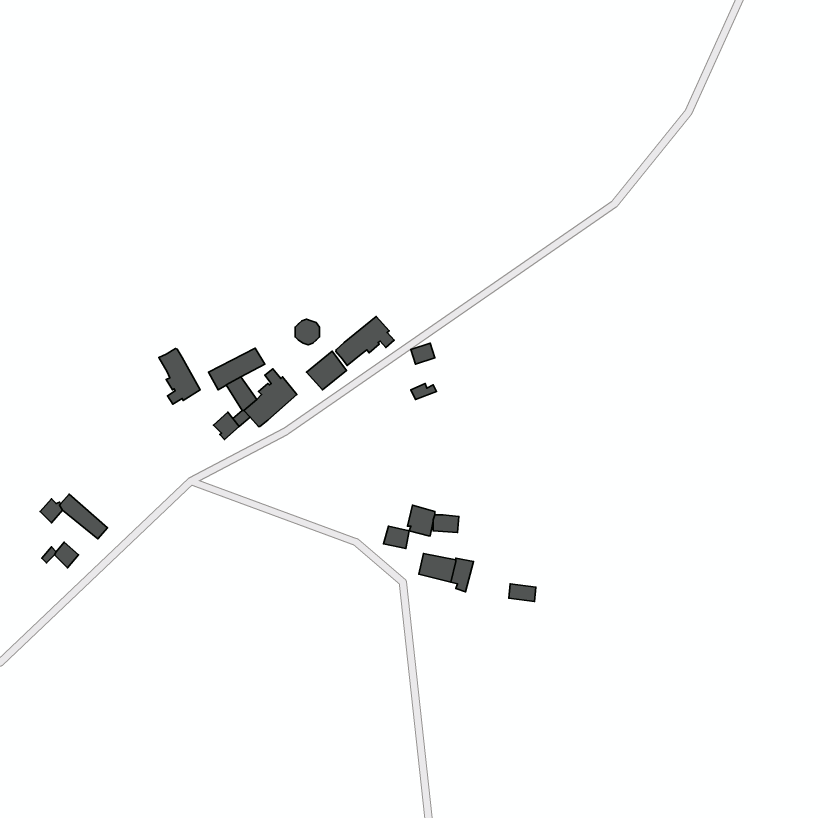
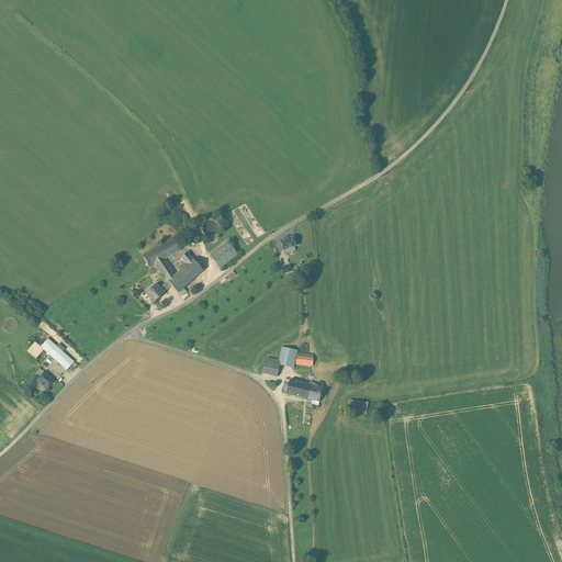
building: [336,317,394,366] -> none
building: [159,348,200,404] -> none

